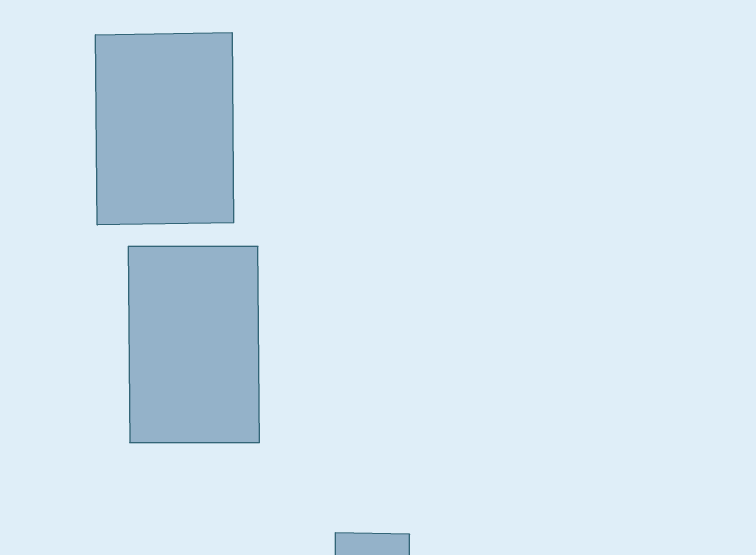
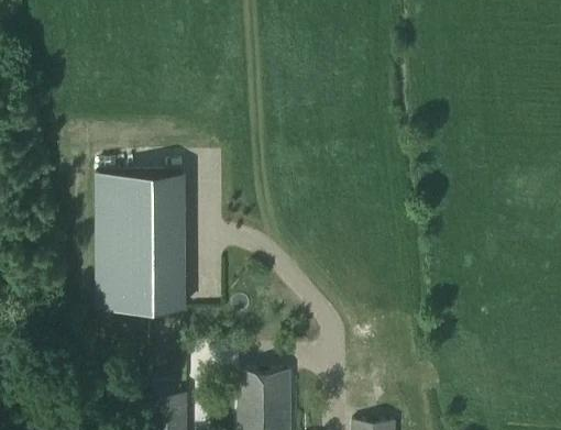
building: [96,33,234,225] -> none

